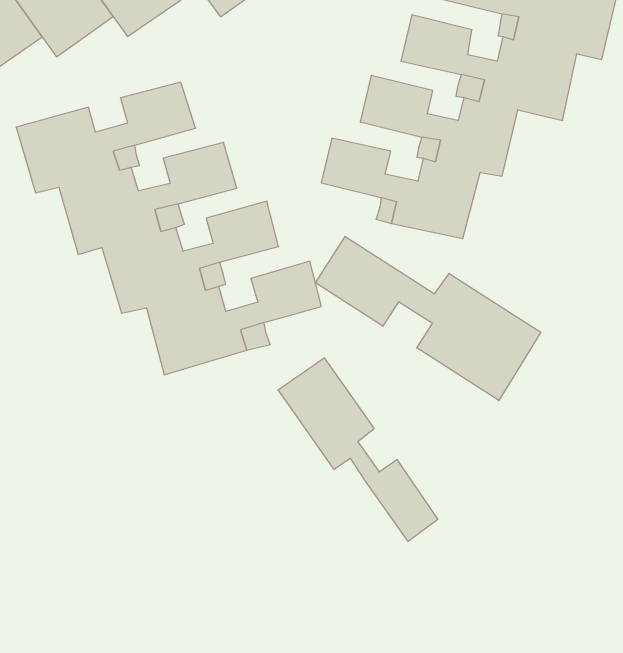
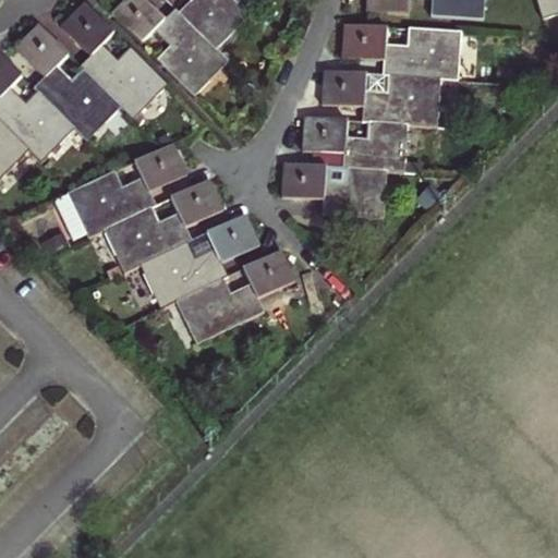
building: [315,236,541,401] -> none
building: [278,358,438,542] -> none

